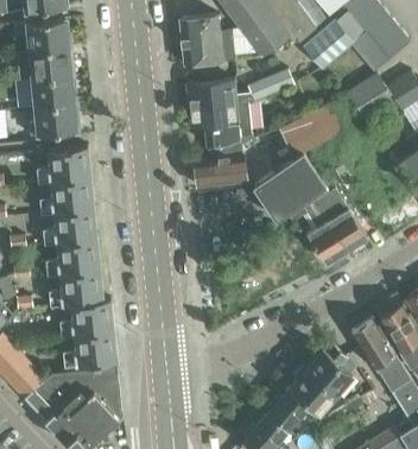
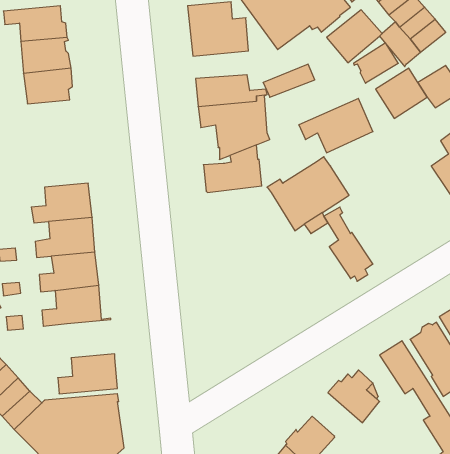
building: none -> [354,43,398,83]
building: [28,103,78,135] -> none
building: [37,146,90,183] -> none
building: [316,188,367,251] -> none
building: [59,301,114,336] -> none
building: [291,366,336,412] -> none

